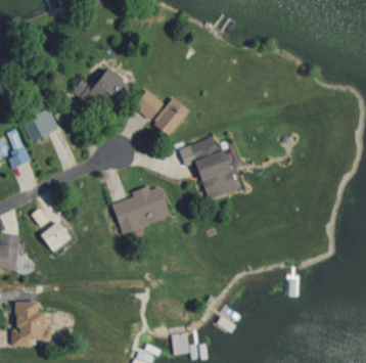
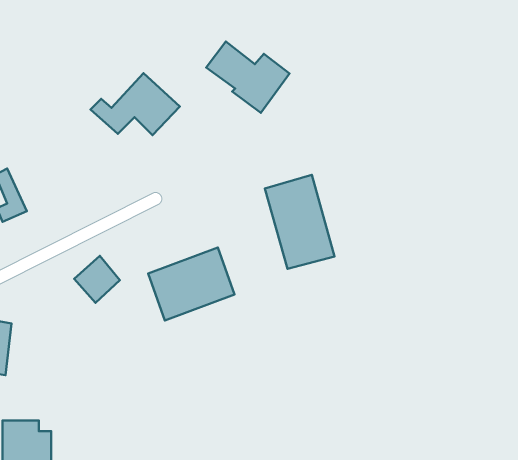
building: [133,90,189,138] -> [206,42,290,113]
building: [24,108,60,142] -> none
building: [40,221,71,253] -> [74,256,120,303]

